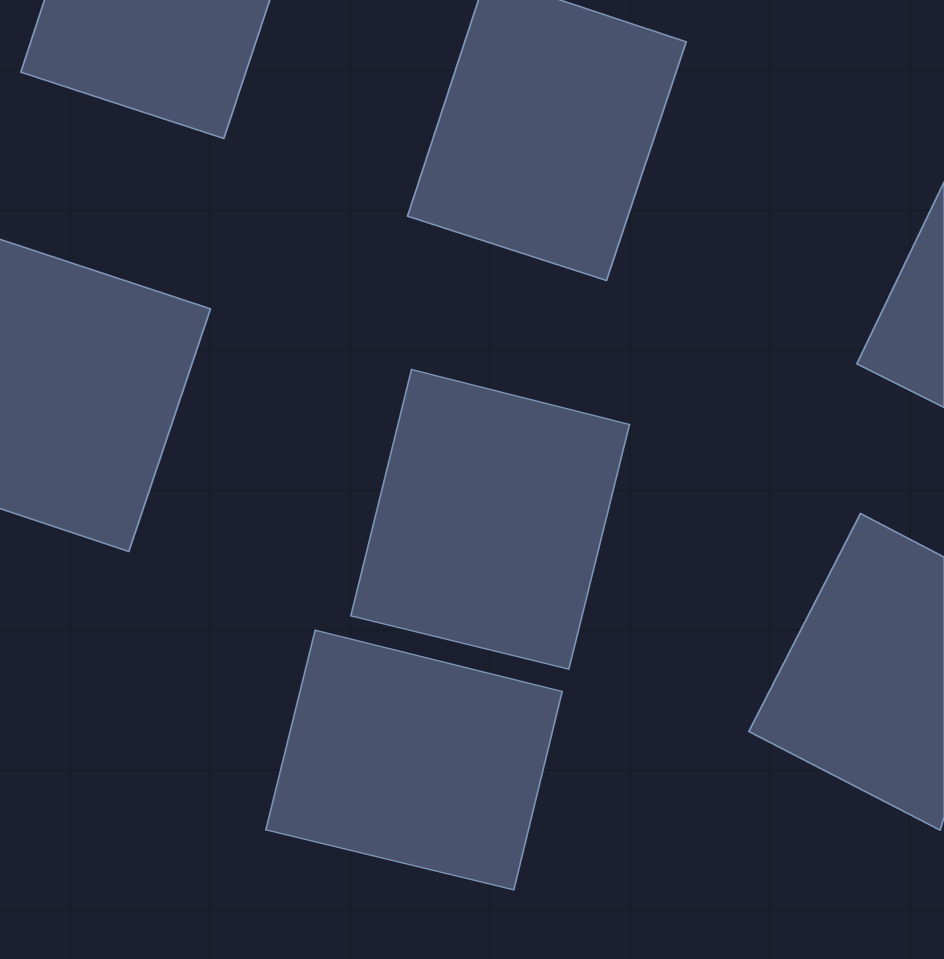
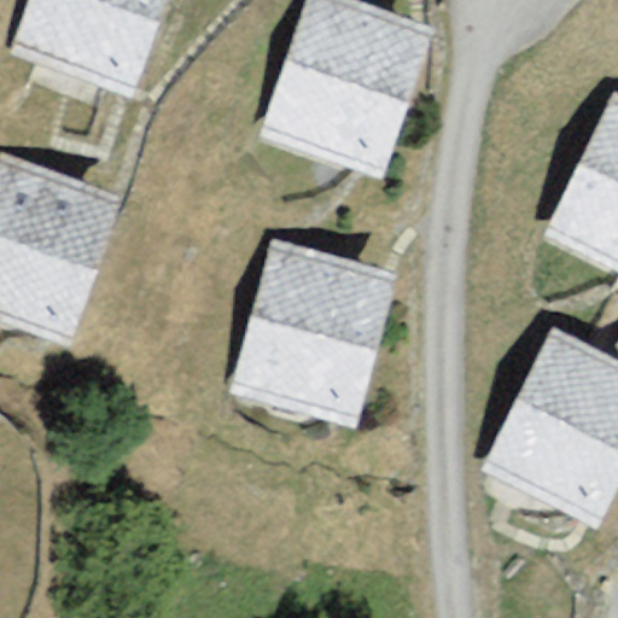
building: [266,630,562,890] -> none

